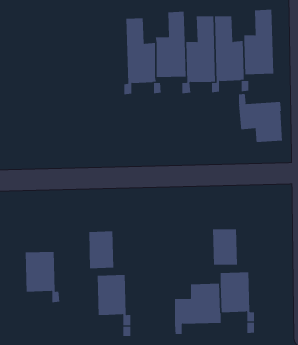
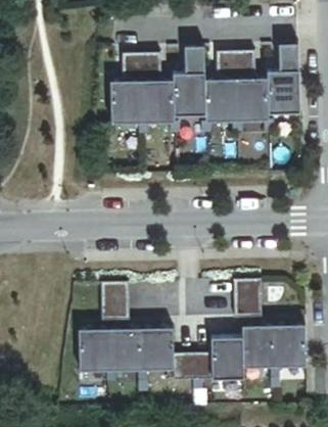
building: none -> [107,52,143,135]
building: [239,93,282,143] -> none
building: [25,251,60,303] -> [79,328,116,383]
building: none -> [274,323,307,367]
building: none -> [141,327,193,381]

